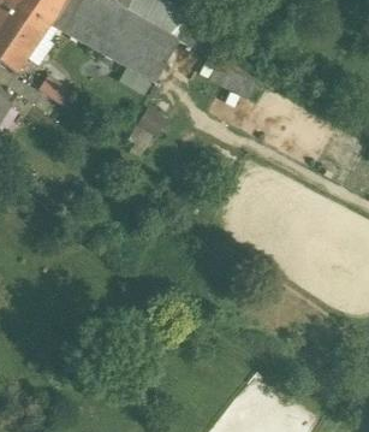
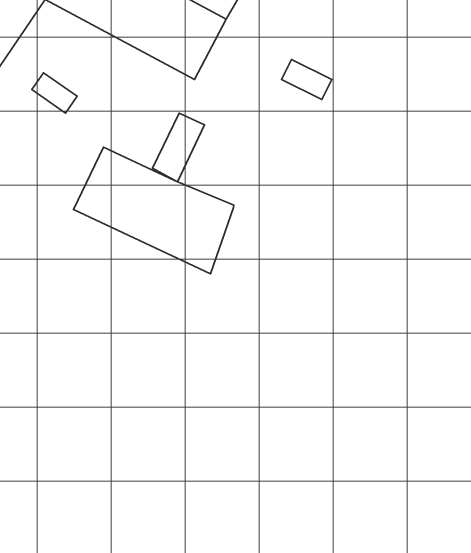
building: none -> [74,147,234,274]

